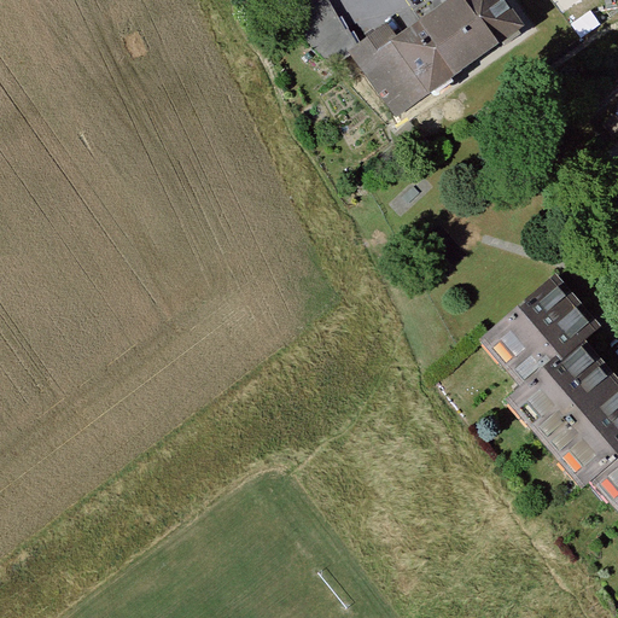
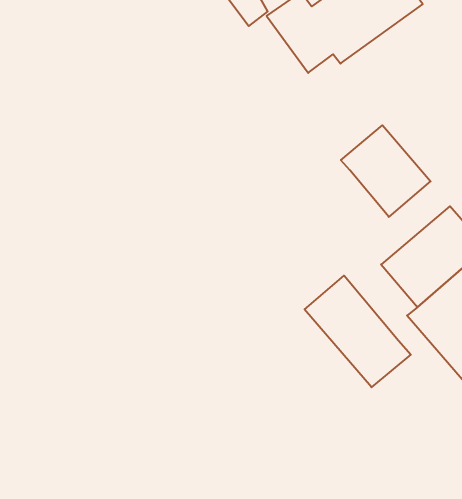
building: none -> [341,125,431,217]
building: none -> [305,276,411,387]

